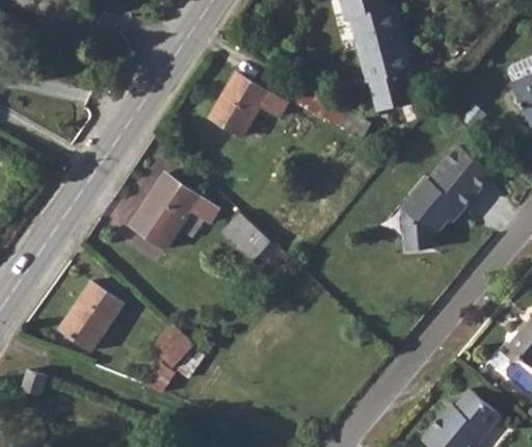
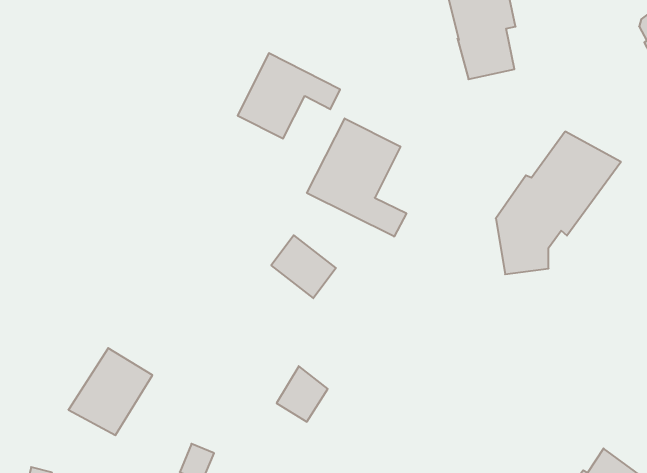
building: none -> [307,118,406,237]
building: [131,182,222,257] -> none
building: [156,326,195,369] -> [277,366,328,422]

